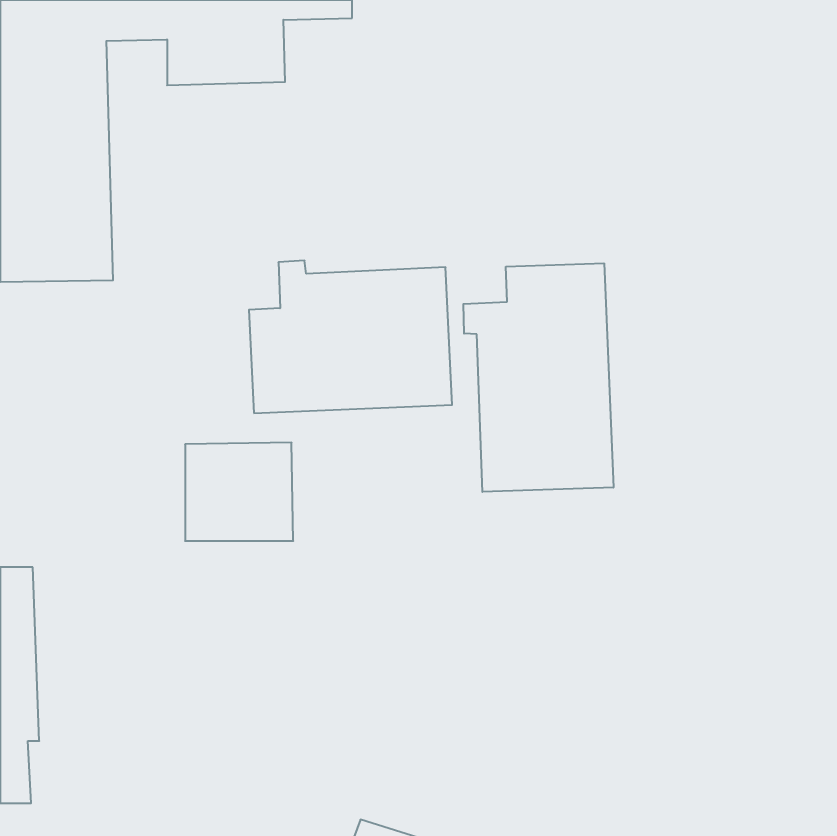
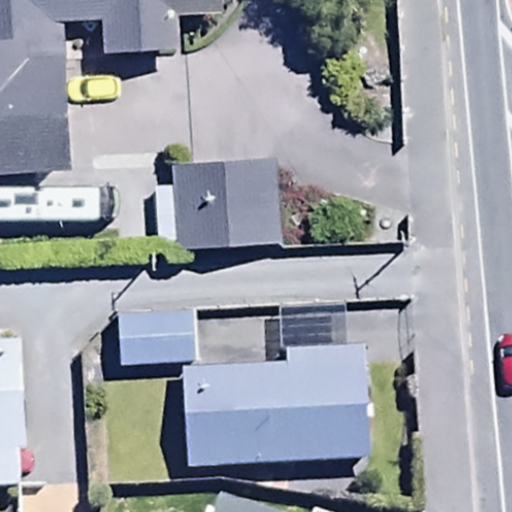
building: [463,263,613,492] -> none
building: none -> [183,308,357,431]

